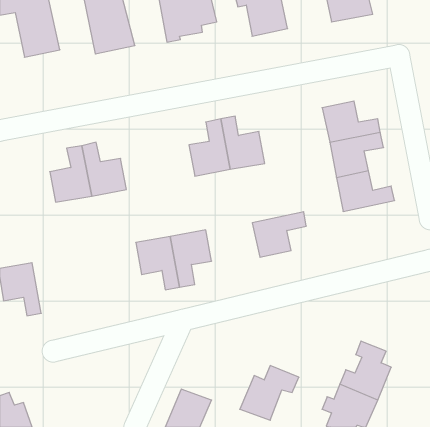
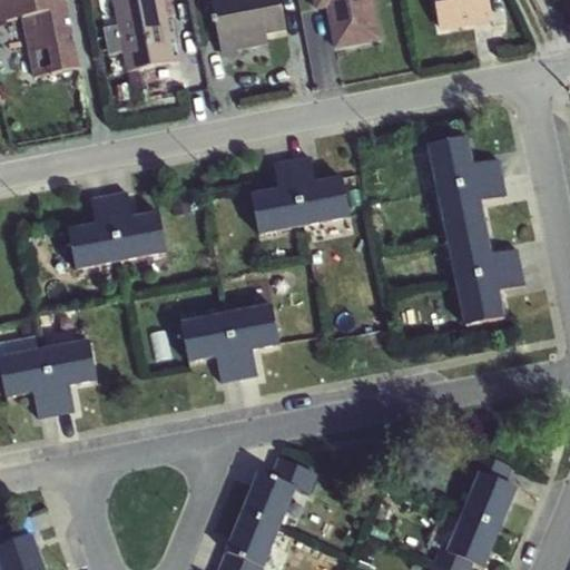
building: [252,212,306,257] -> [453,265,524,325]
building: none -> [42,338,97,414]
building: [240,366,299,420] -> [239,456,317,529]

